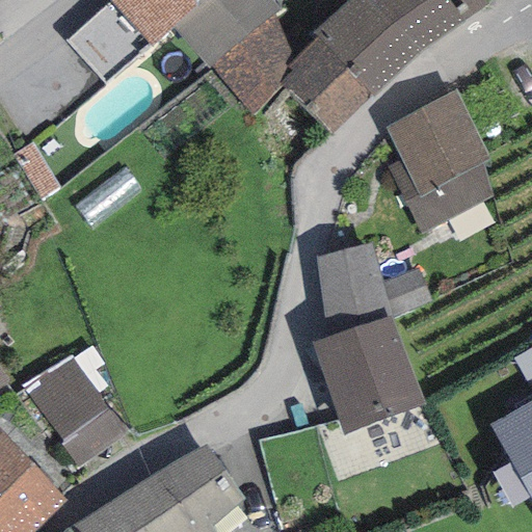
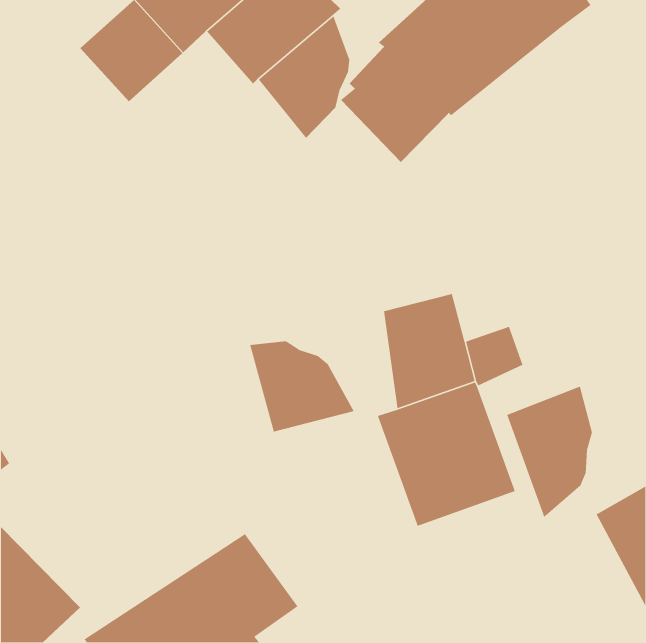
building: [383,87,491,234] -> none
building: none -> [249,341,355,432]
building: none -> [506,386,593,518]
building: [24,352,128,468] -> none

